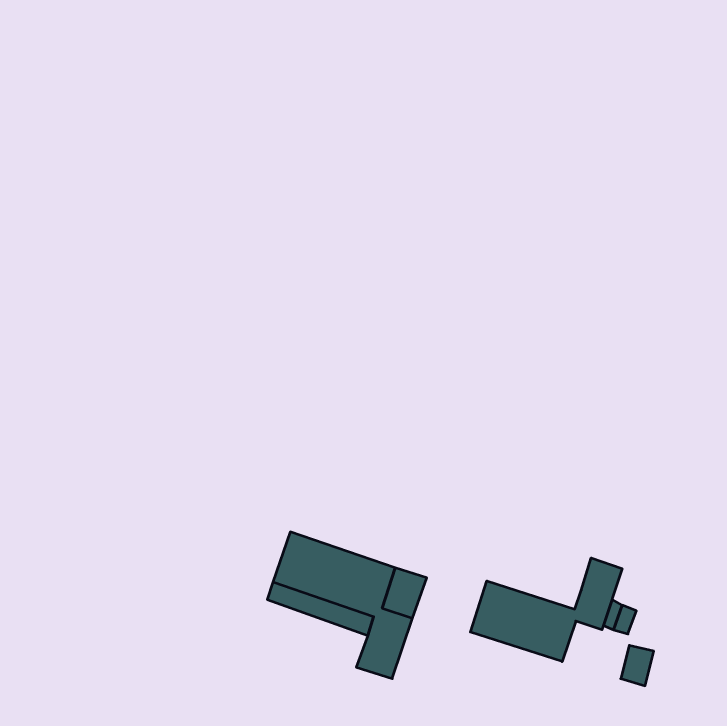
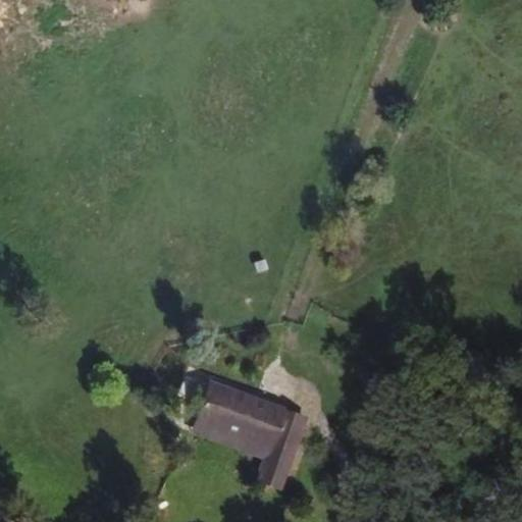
building: [470,558,622,662] -> none

